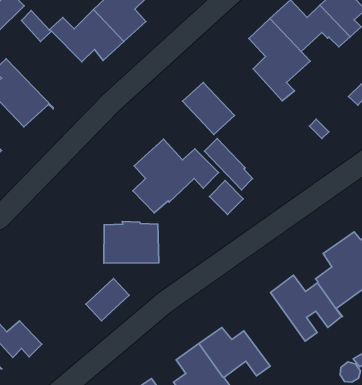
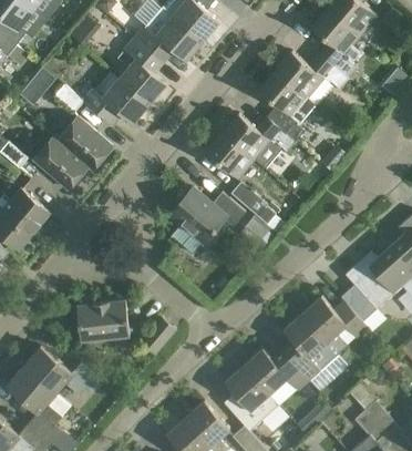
building: none -> [45,116,113,170]
building: none -> [223,113,295,168]
building: [104,222,159,263] -> [78,300,130,340]
building: none -> [282,314,338,379]

